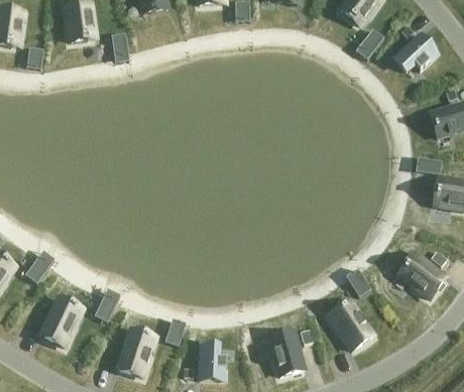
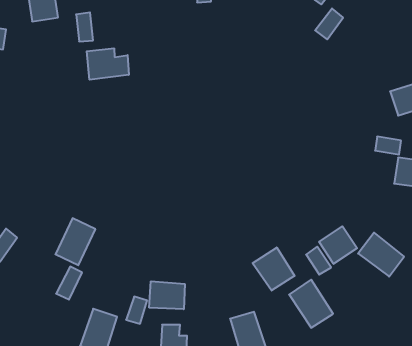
building: [393,33,436,69] -> none
building: none -> [87,48,129,80]
building: none -> [319,226,357,264]
building: none -> [253,247,295,291]
building: [40,297,81,345] -> [55,218,95,265]
building: none -> [149,281,185,309]

